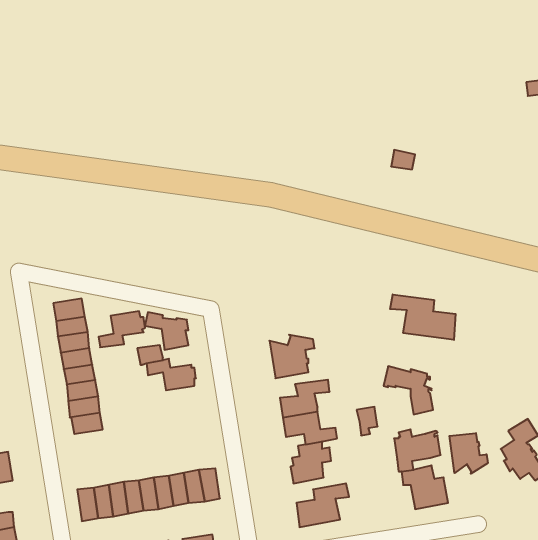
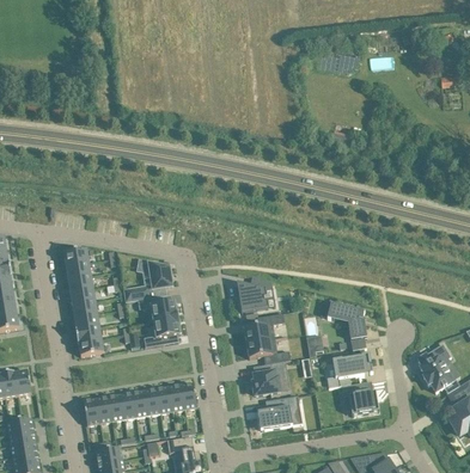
building: [390,294,456,340] -> none
building: [99,311,145,347] -> [144,317,181,345]
building: [449,433,488,474] -> none

